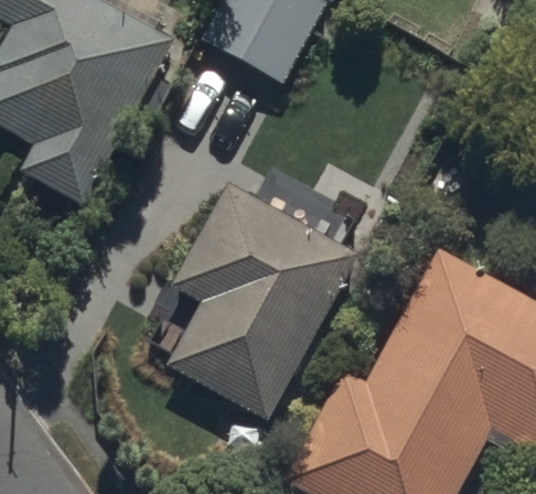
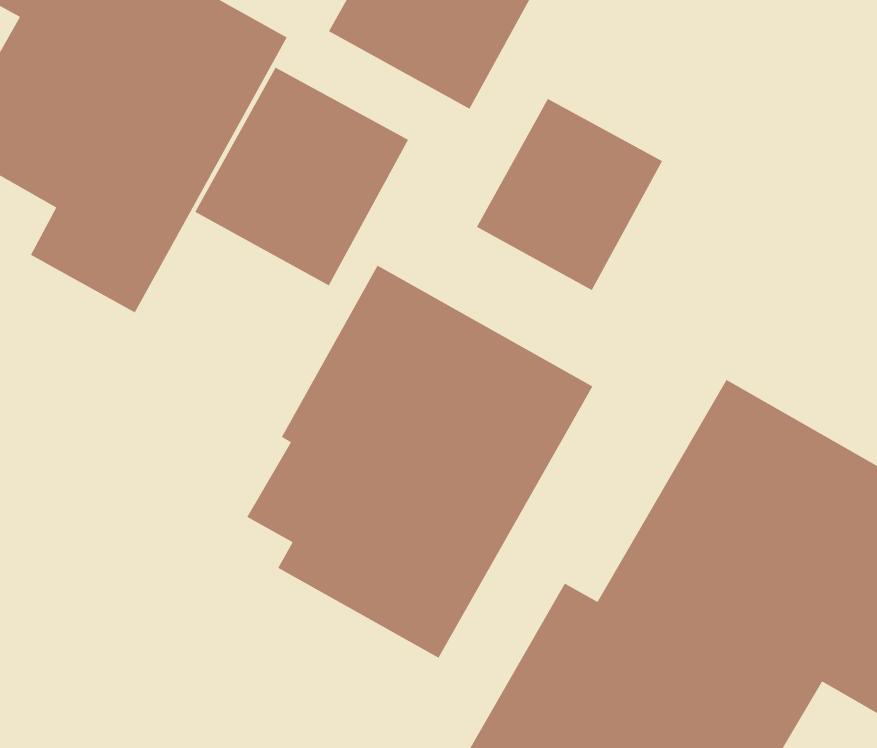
building: none -> [194,66,409,287]
building: none -> [476,98,663,291]

